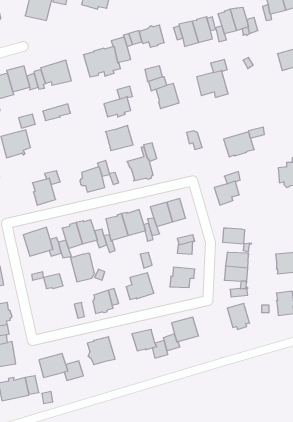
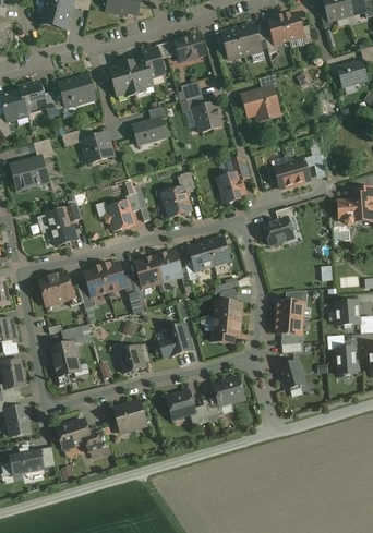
building: [105,125,133,151] -> [81,133,113,162]
building: none -> [217,172,246,204]
building: [223,228,245,244] -> [215,302,241,320]
building: [70,253,95,282] -> [50,342,79,376]

